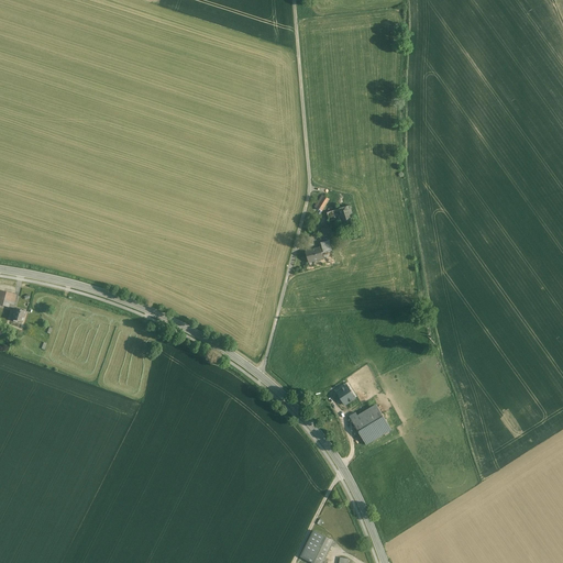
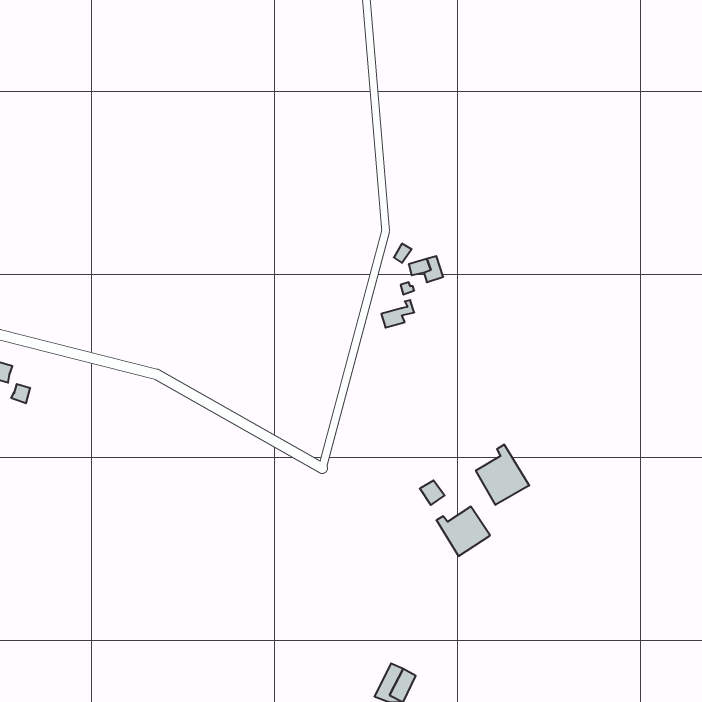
building: none -> [476,444,529,505]

